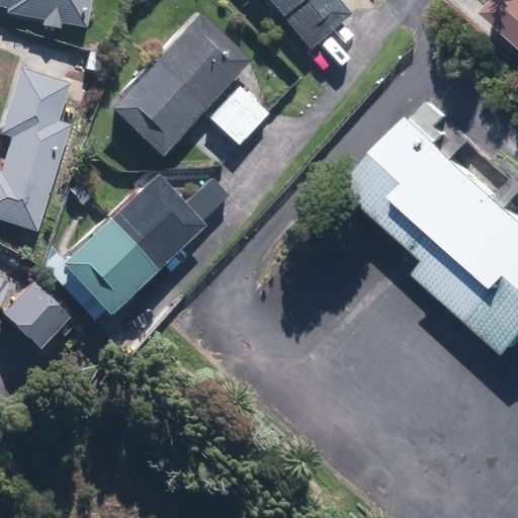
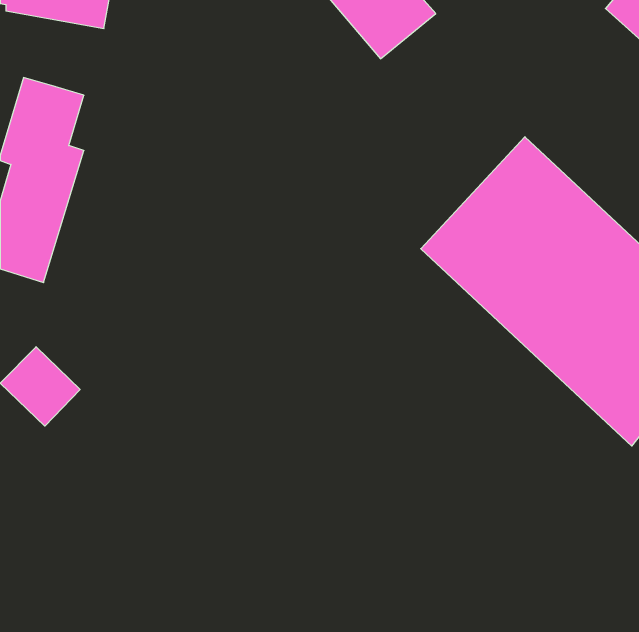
building: [110,11,266,155] -> none
building: [61,175,229,314] -> none

